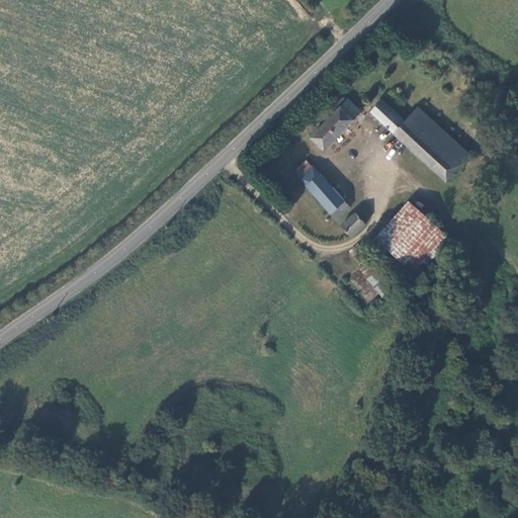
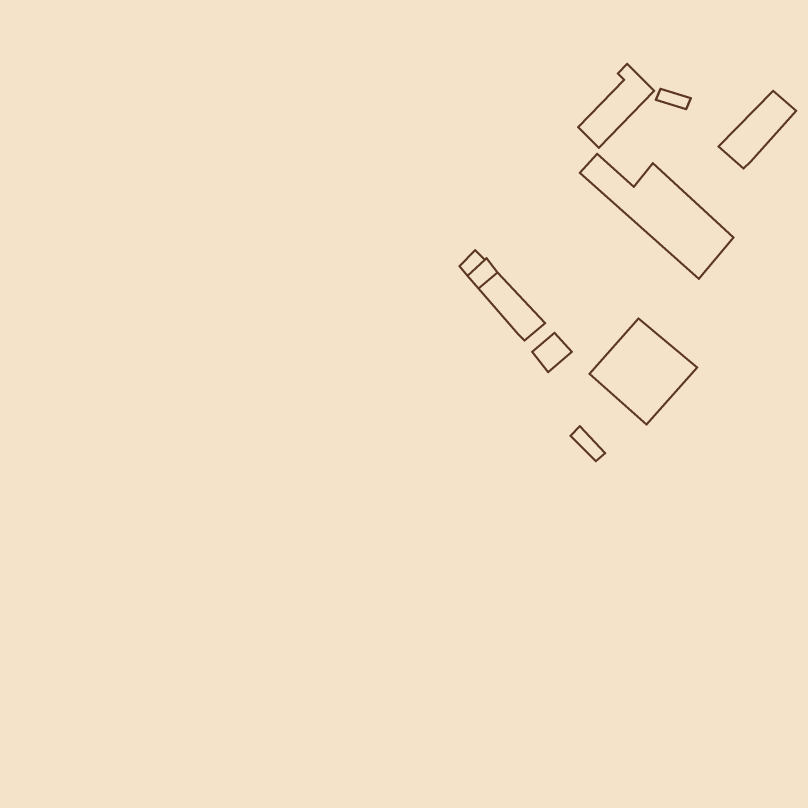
building: none -> [719,91,796,168]
building: [311,94,359,148] -> [578,64,654,148]

